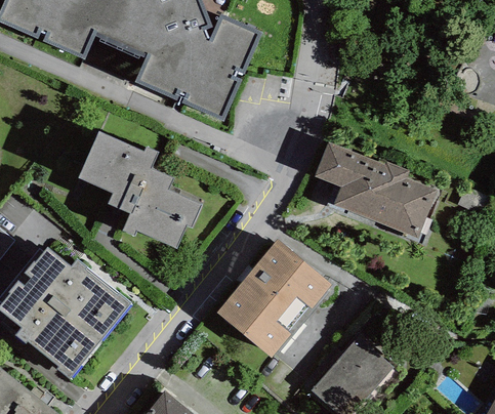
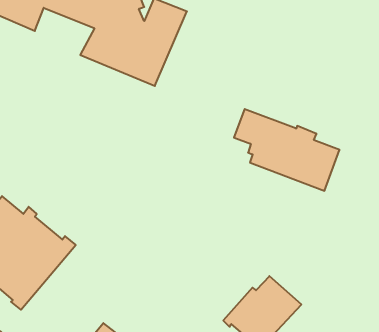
building: [78,131,200,245] -> none
building: [216,240,331,357] -> none

